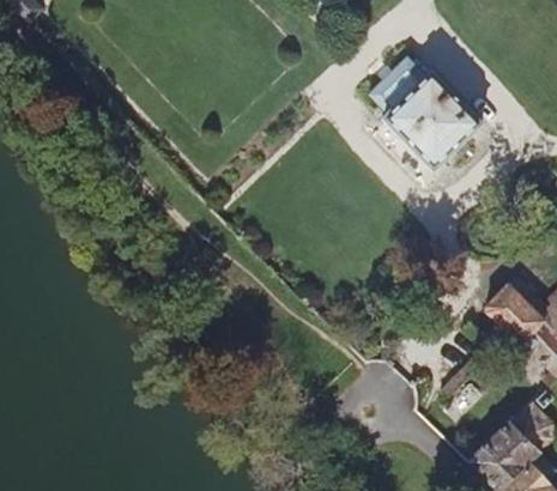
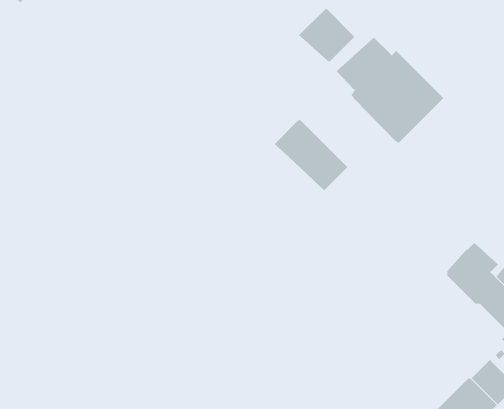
building: none -> [298,8,355,63]
building: none -> [274,119,348,191]

